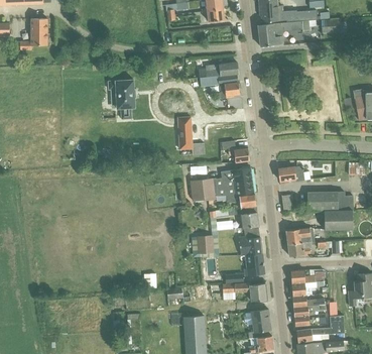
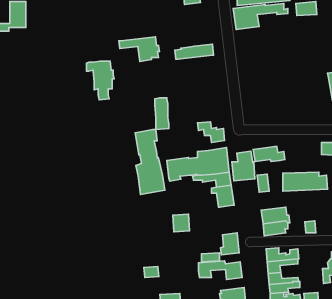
building: [199,73,240,98] -> [119,37,160,62]
building: none -> [135,130,165,194]
building: [324,210,352,229] -> none
building: [238,225,261,255] -> [232,151,255,181]

